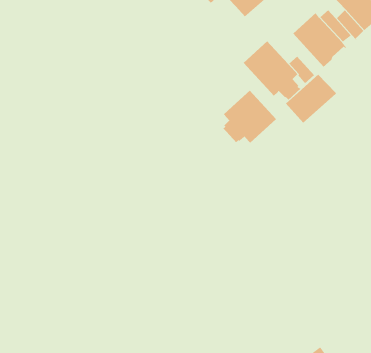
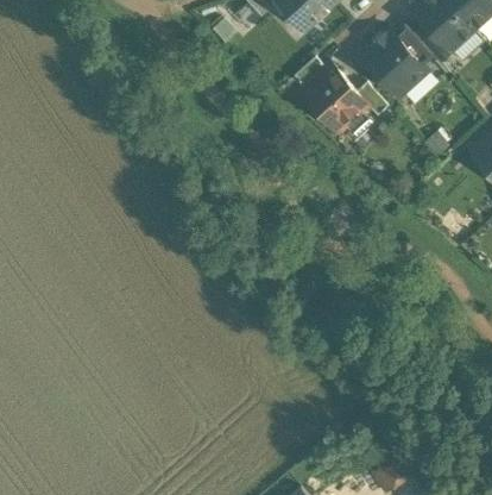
building: [285,74,336,123] -> none
building: [222,90,277,144] -> none

